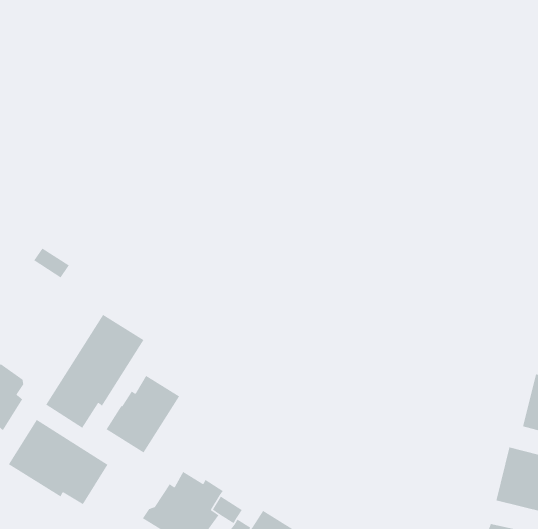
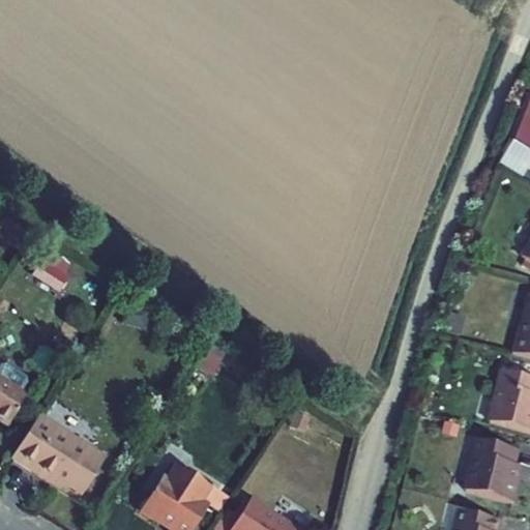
building: [45,314,145,429] -> none
building: [106,375,180,453] -> none

